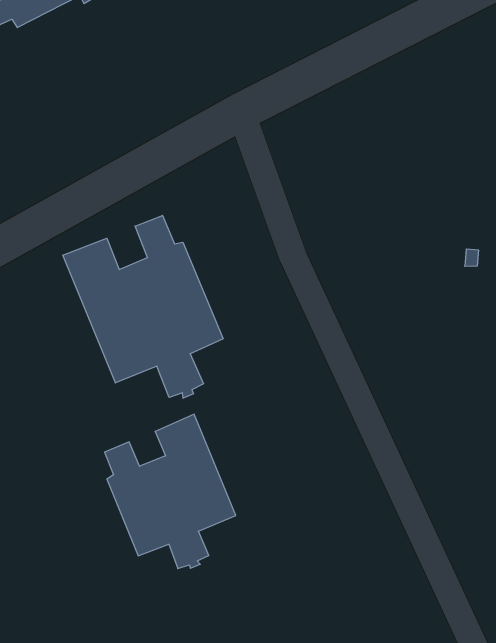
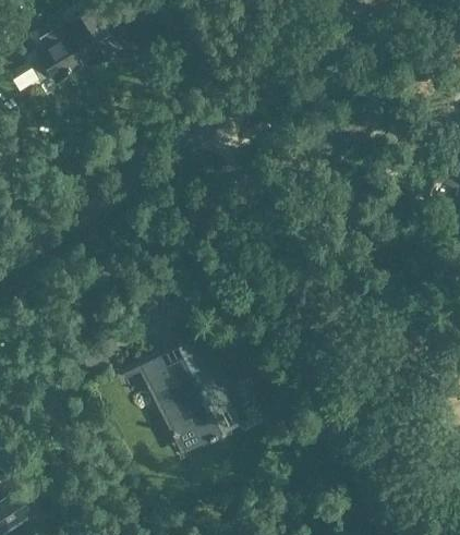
building: [63,215,223,398] -> none

